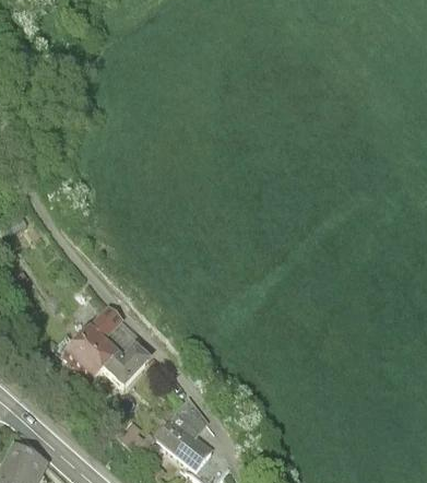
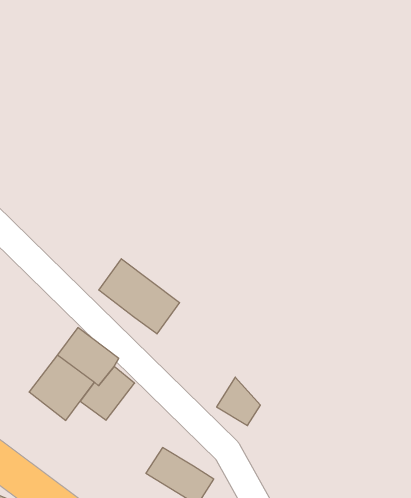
building: none -> [99,259,180,334]
building: [170,393,207,435] -> [217,377,260,426]

